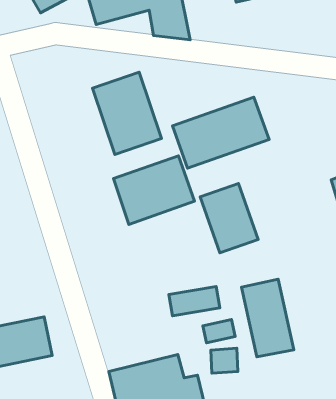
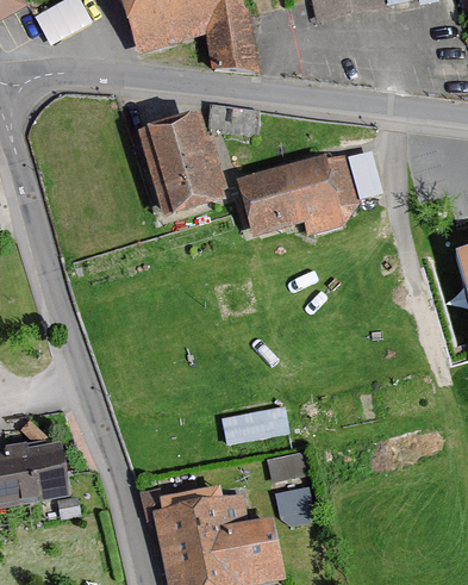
building: [114,156,194,224] -> none
building: [200,184,258,253] -> none
building: [242,279,294,357] -> none

